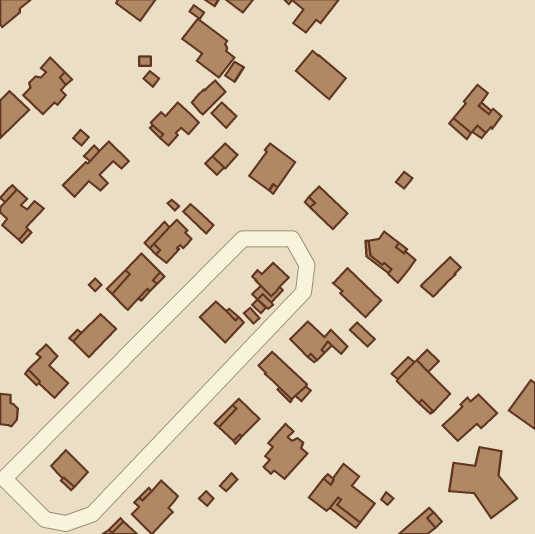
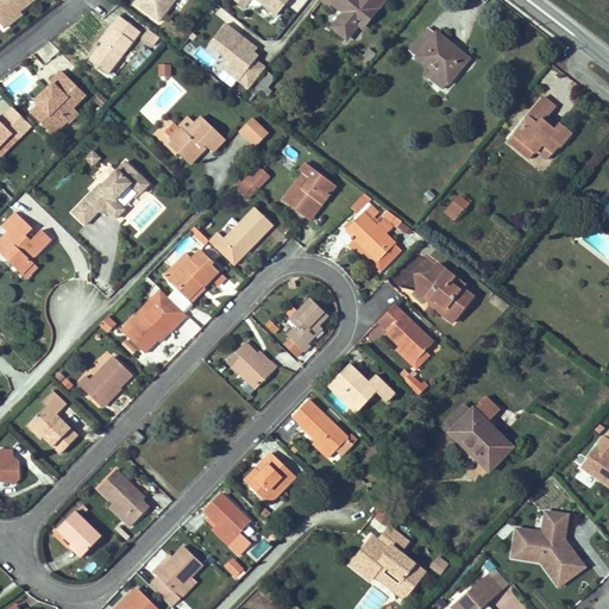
building: none -> [89,11,145,75]
building: [296,51,346,99] -> [410,27,467,82]
building: [192,80,225,115] -> none
building: none -> [225,207,272,256]
building: [421,257,461,296] -> none
building: [443,395,497,441] -> none
building: none -> [99,470,149,526]
building: [264,424,308,479] -> none
building: none -> [205,492,251,545]

